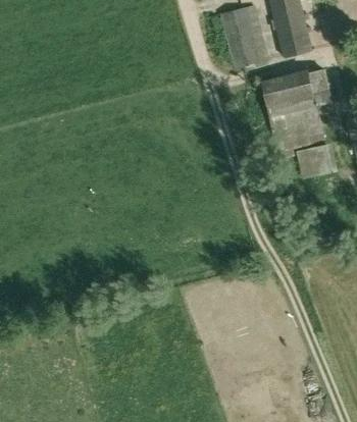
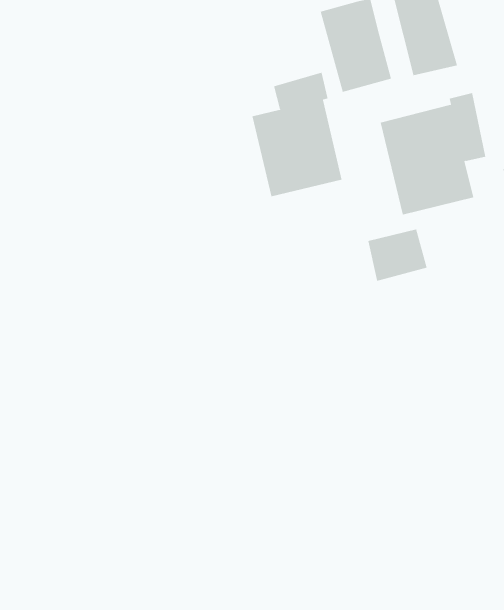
building: none -> [252,72,342,197]
building: [296,143,337,178] -> [367,229,427,281]

